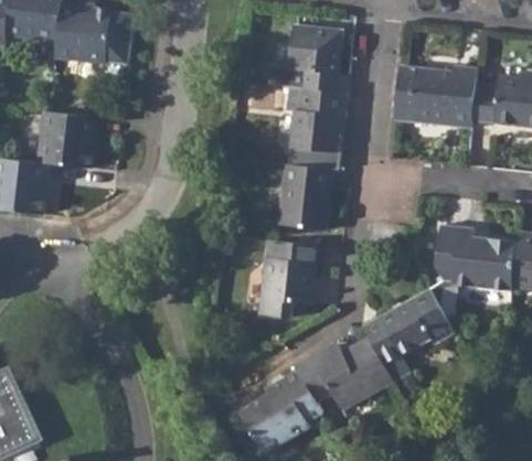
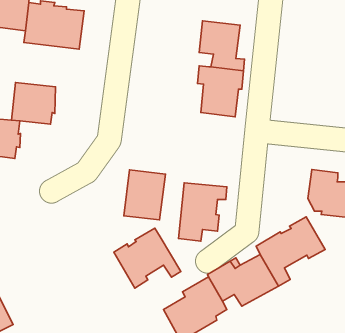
building: [391,64,474,128] -> none
building: [277,165,332,232] -> [124,170,165,220]
building: none -> [114,228,181,288]

